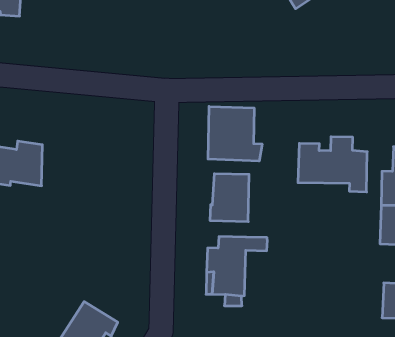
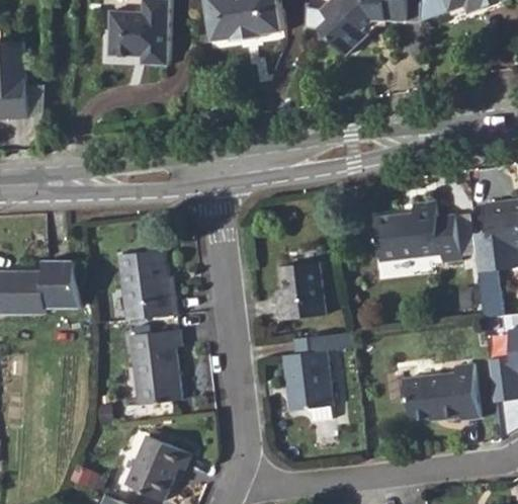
building: [208,106,262,161] -> none
building: none -> [122,247,179,316]
building: none -> [133,330,182,405]
building: none -> [401,361,478,419]

